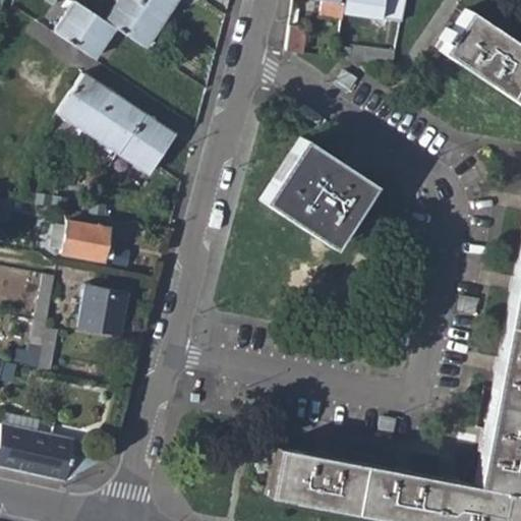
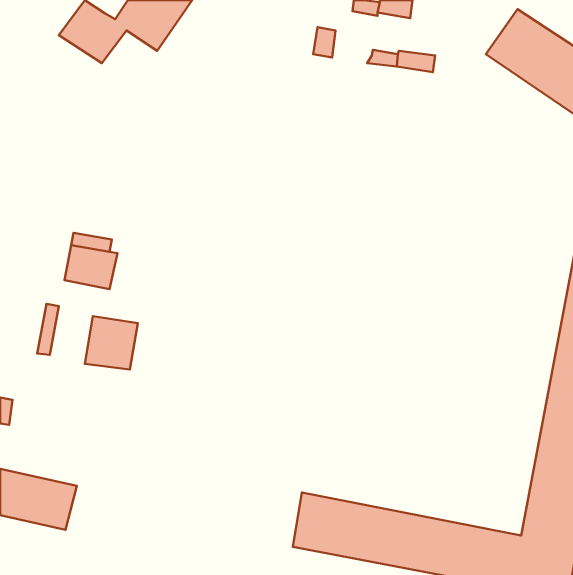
building: [59,73,174,177] -> none
building: [263,138,375,250] -> none
building: [24,325,64,368] -> none

